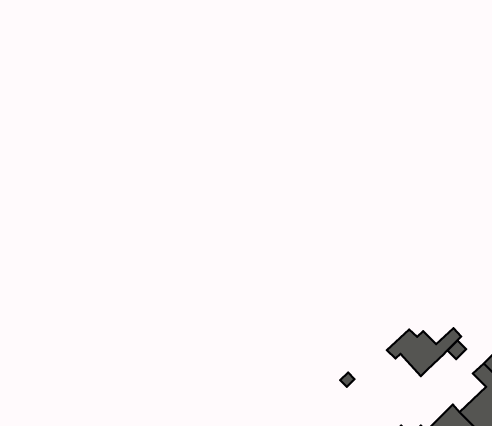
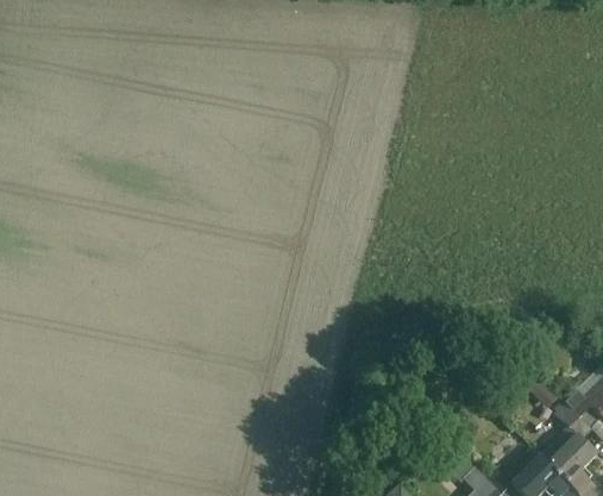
building: [387,328,461,376] -> none

